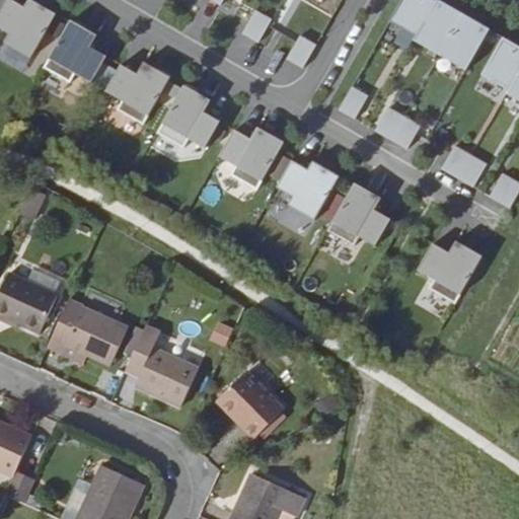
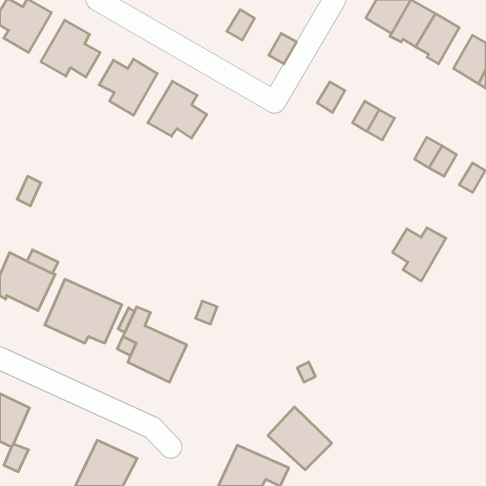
building: [219,129,283,189] -> none
building: [276,160,340,221] -> none
building: [327,183,390,244] -> none
building: [217,371,285,438] -> [268,407,332,470]

